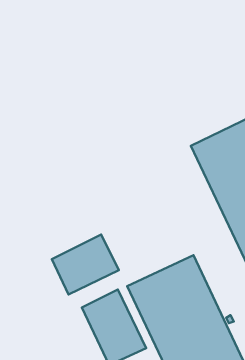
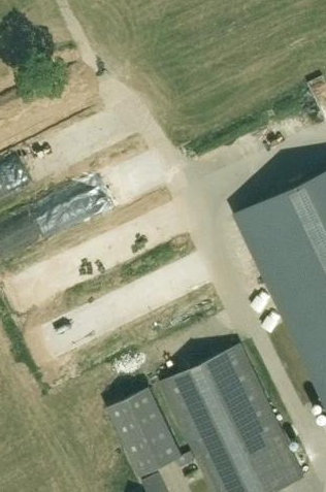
building: [52,235,119,295] -> none

